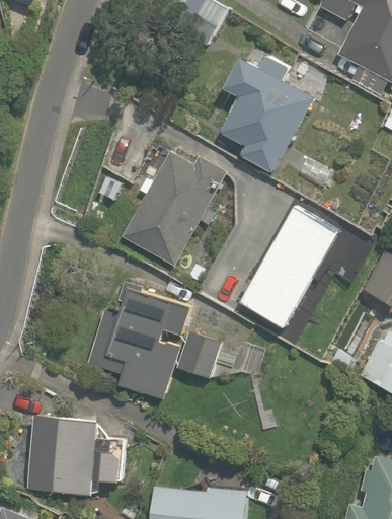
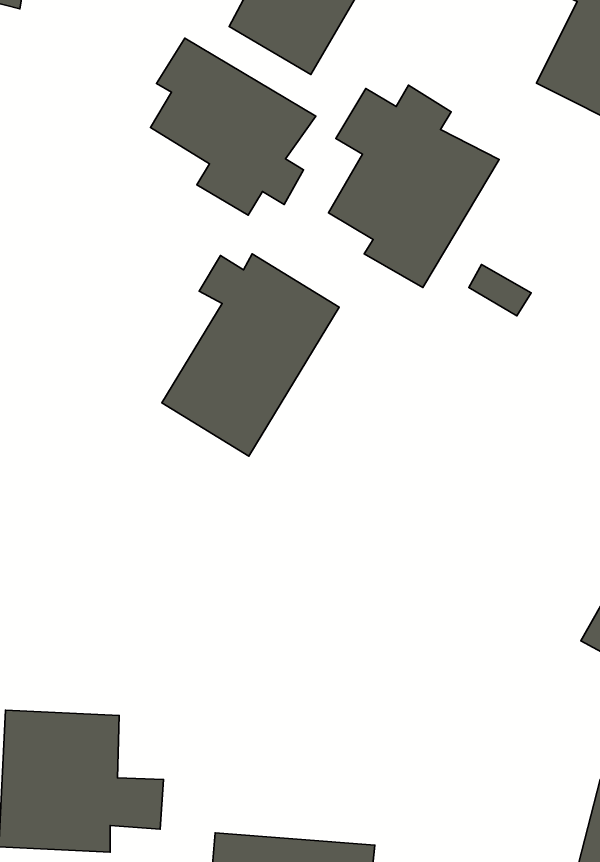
building: none -> [150,38,316,215]
building: [231,202,338,327] -> none
building: [100,286,227,404] -> none

